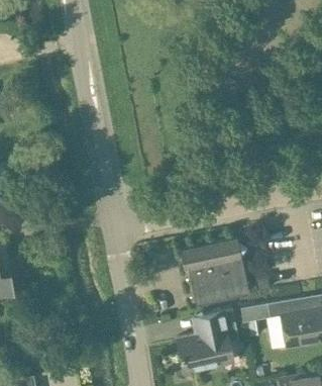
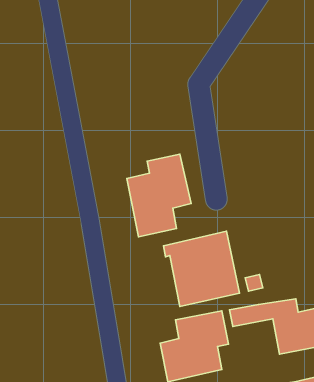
building: none -> [127,154,191,237]

